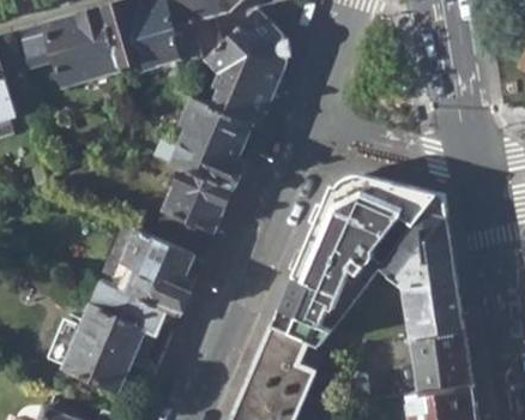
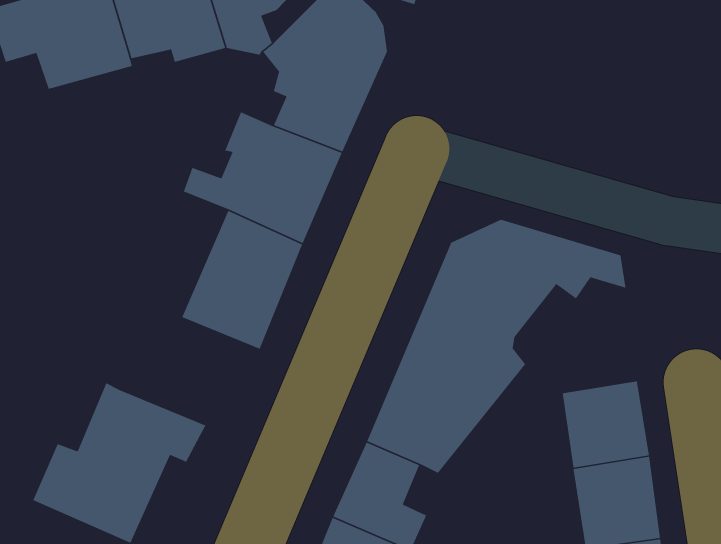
building: [379,212,453,289] -> none
building: [108,232,201,316] -> none

